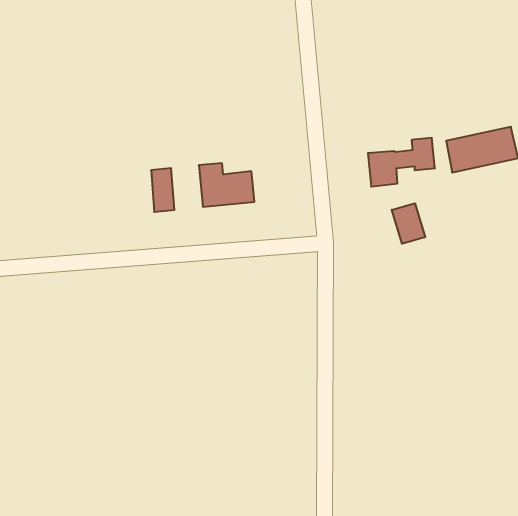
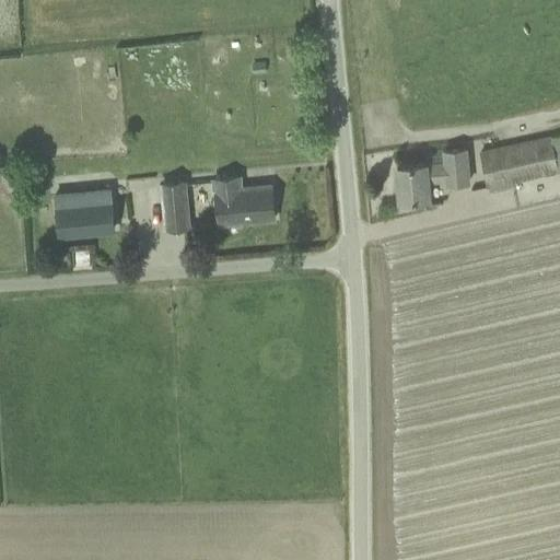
building: none -> [56,191,115,236]
building: [392,203,425,244] -> none

